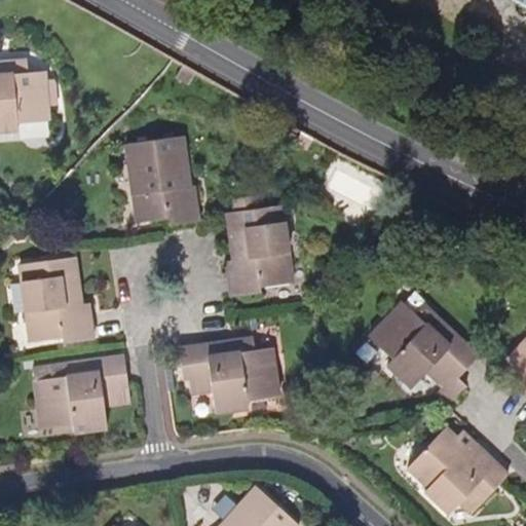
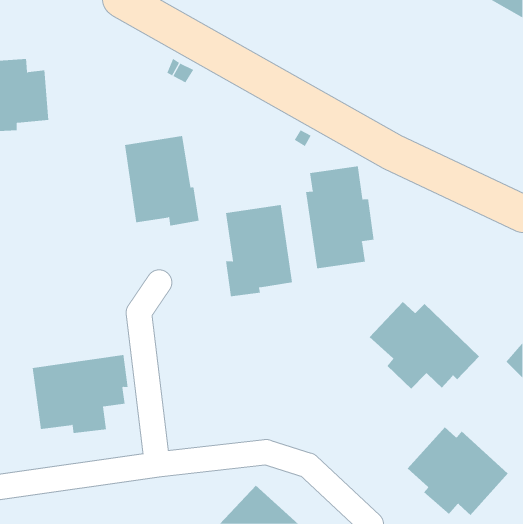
building: none -> [305,165,374,269]
building: [17,257,93,344] -> none
building: [178,337,278,413] -> none

